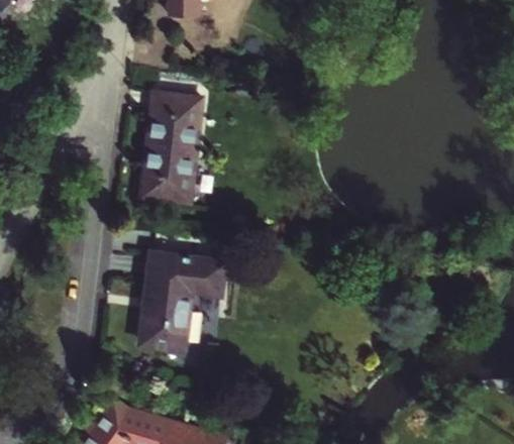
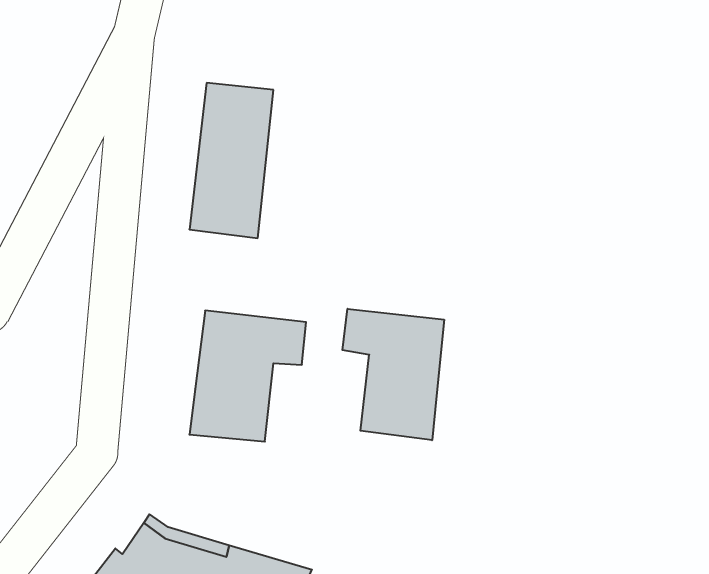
building: none -> [342,309,444,440]

